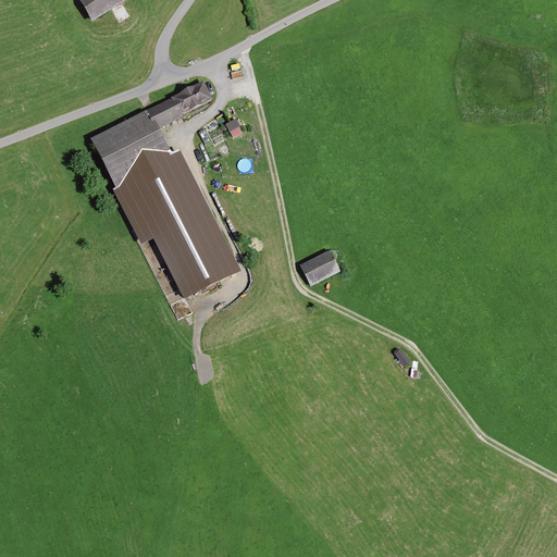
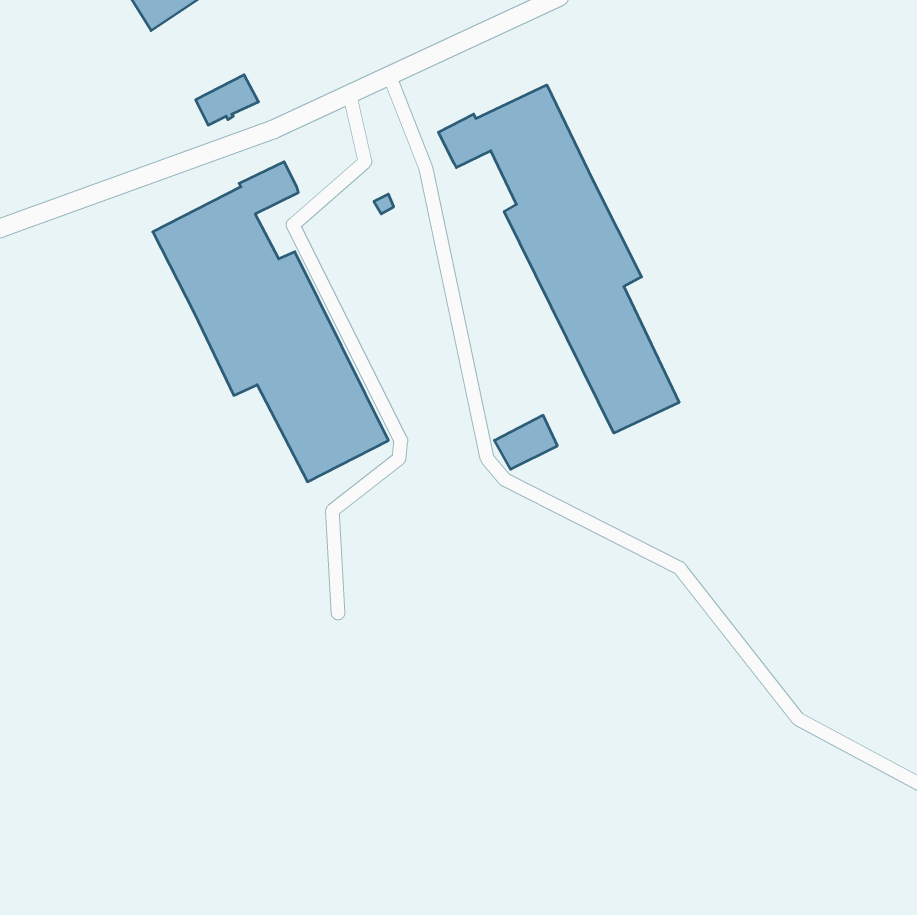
building: none -> [438,85,679,433]
building: [173,83,211,113] -> [196,75,259,125]

